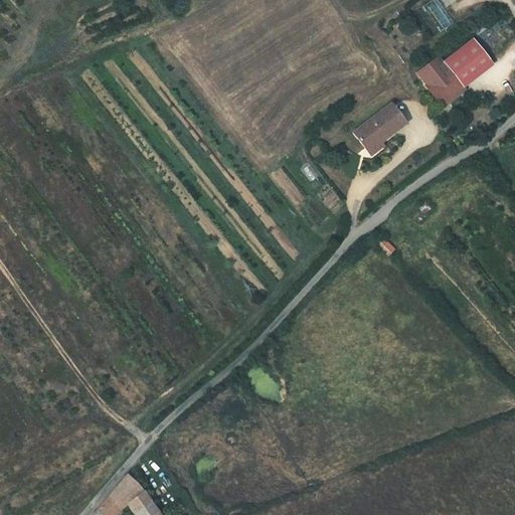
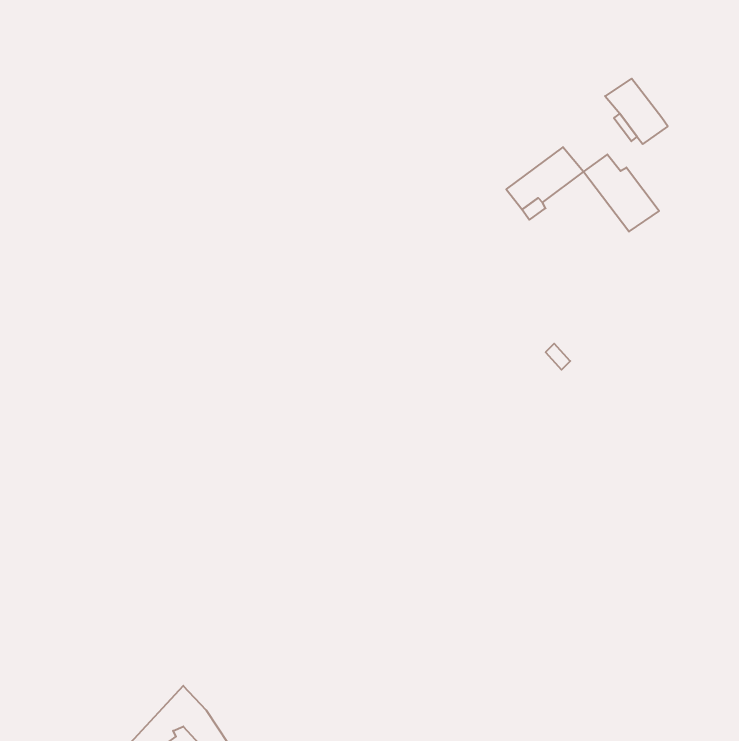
building: [445,41,492,83] -> none
building: none -> [583,154,659,232]

